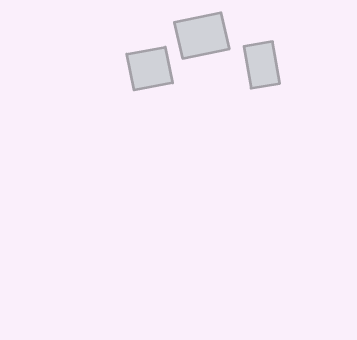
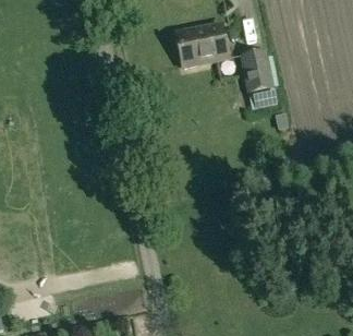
building: [127,47,173,90] -> none

